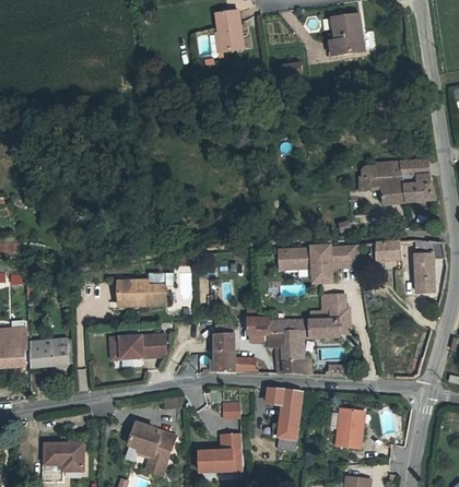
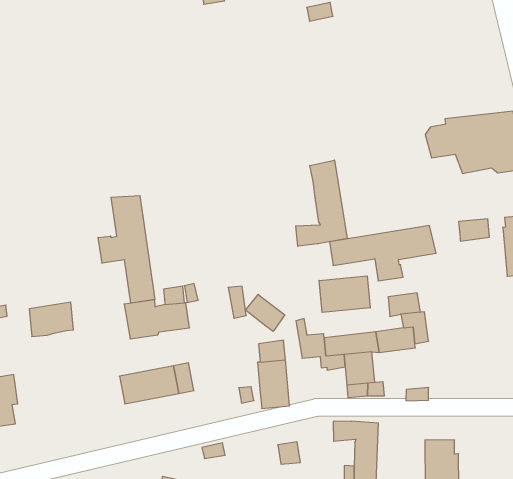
building: none -> [296,160,347,246]
building: none -> [98,196,155,303]
building: none -> [319,276,370,312]
building: none -> [245,294,285,331]
building: [35,342,68,366] -> [29,302,73,337]

